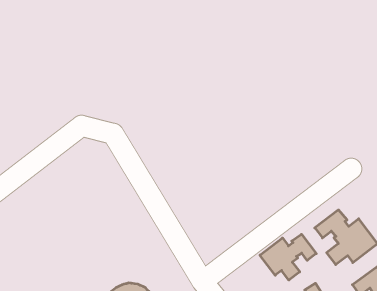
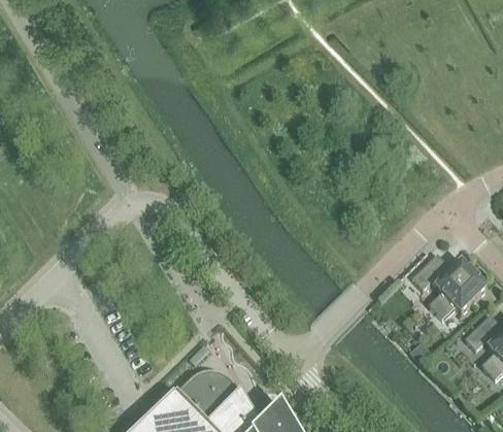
building: [260,234,316,280] -> none

